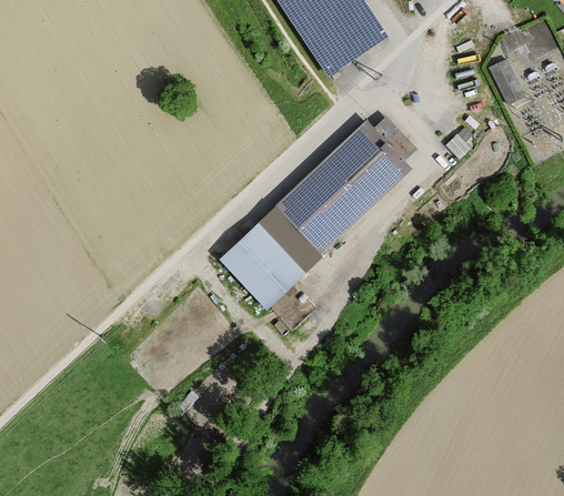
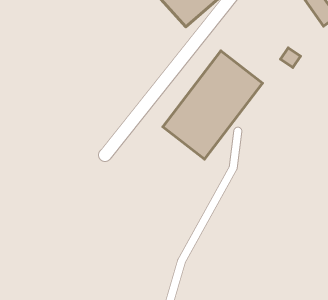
building: [222,203,325,306] -> none

